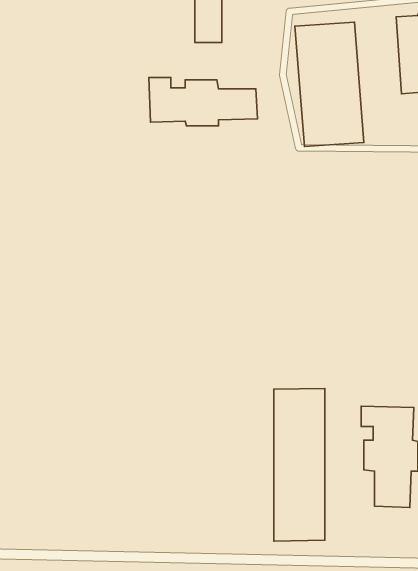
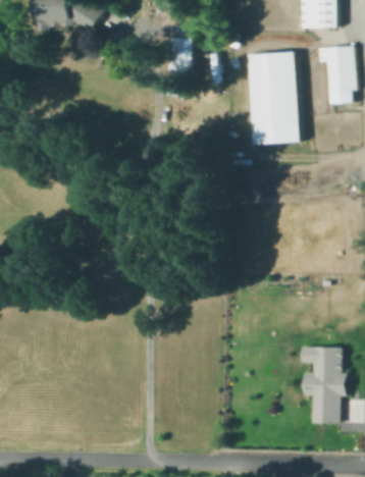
building: [149,77,257,126] -> none
building: [274,388,325,541] -> none

